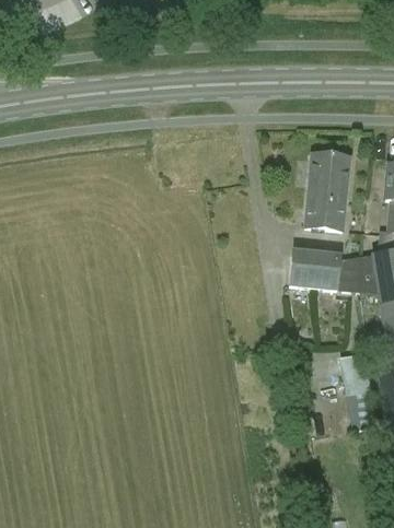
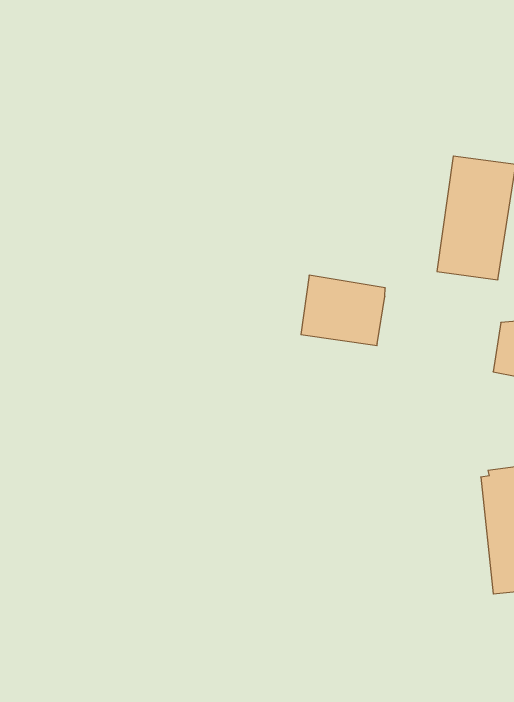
building: [290,246,343,289] -> [301,275,385,346]

